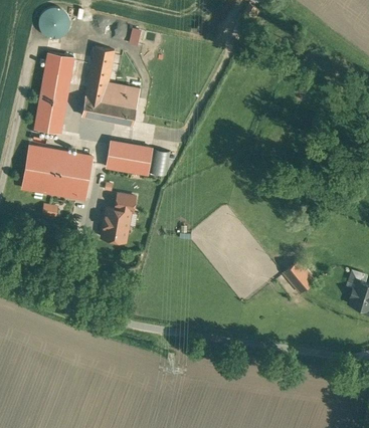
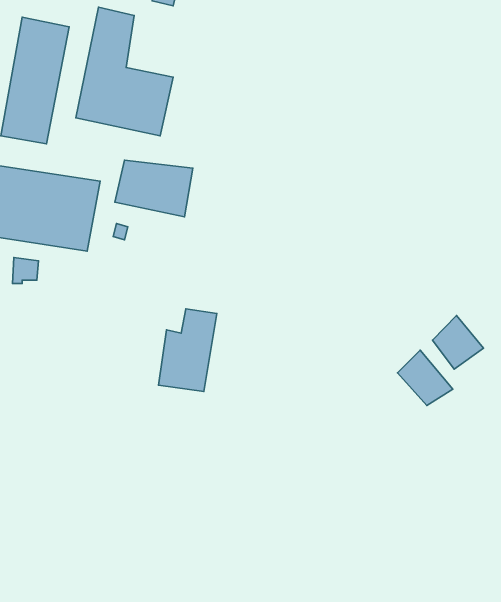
building: [100,191,136,242] -> [158,309,217,392]
building: none -> [432,315,484,369]

